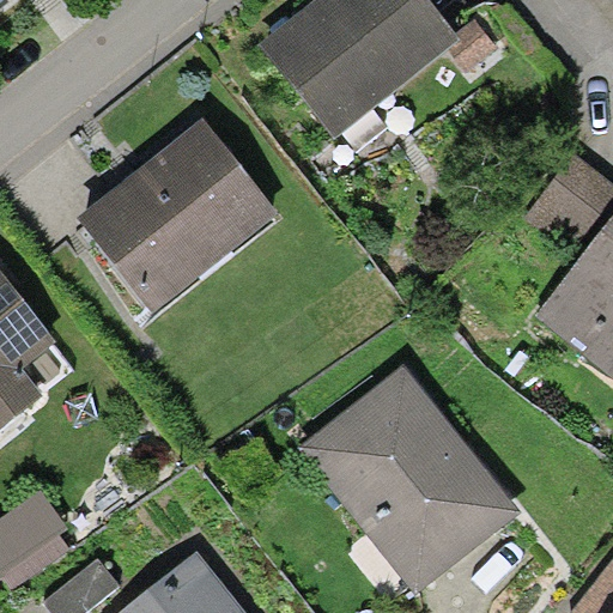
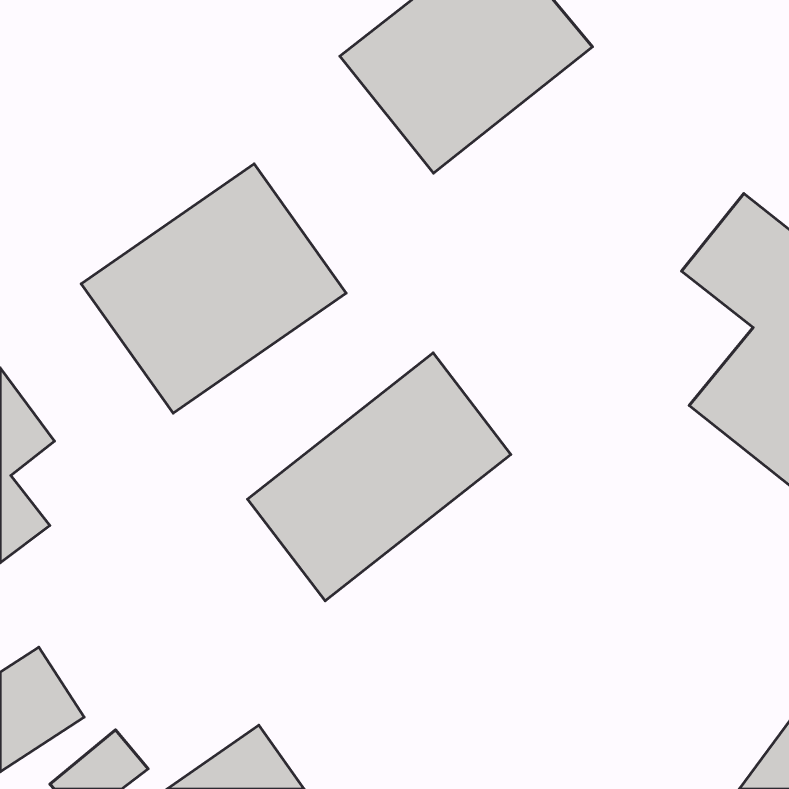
building: none -> [247,353,511,601]
building: [301,371,511,590] -> none

